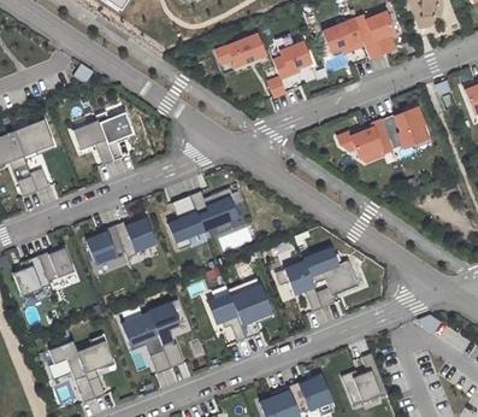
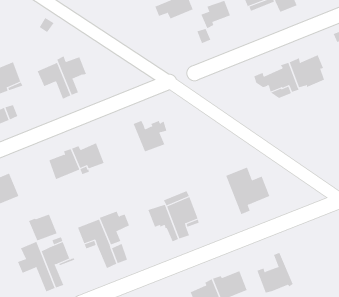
building: [167,195,203,249] -> none
building: [37,247,73,281] -> [28,214,57,241]
building: [275,260,321,311] -> none

